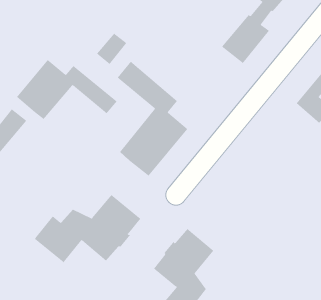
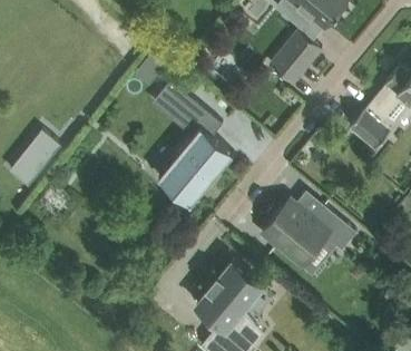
building: [16,59,118,120] -> none
building: none -> [261,198,355,267]
building: [33,194,141,264] -> none

